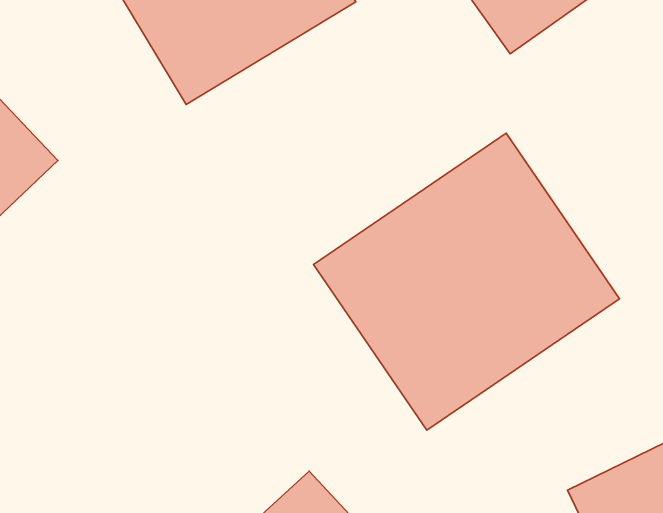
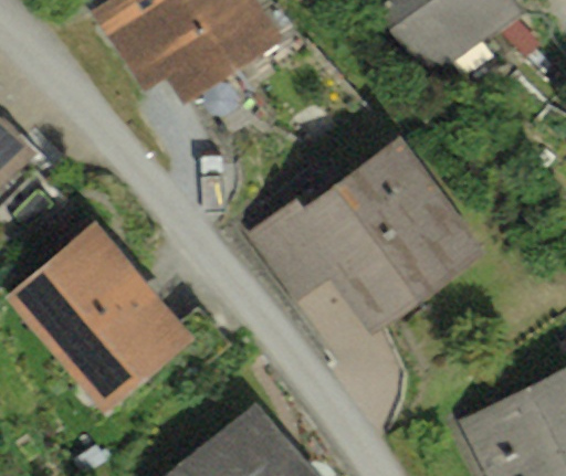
building: none -> [11,224,193,410]

